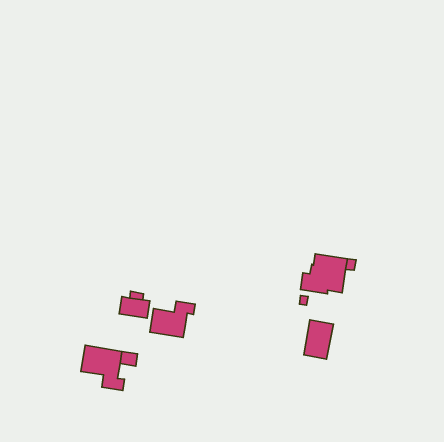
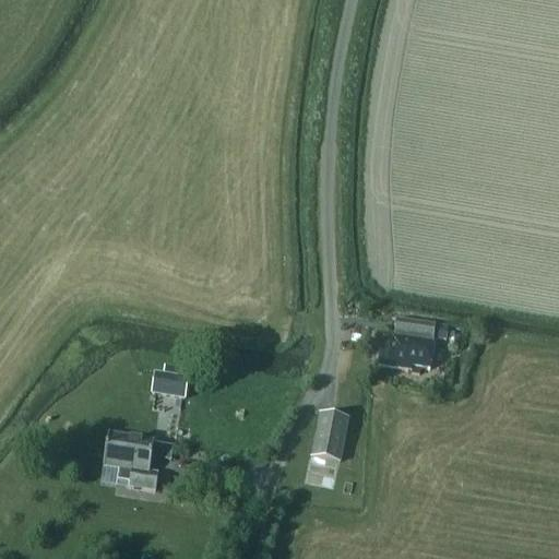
building: [150,301,195,337] -> none
building: [304,320,333,359] -> [311,412,348,461]

